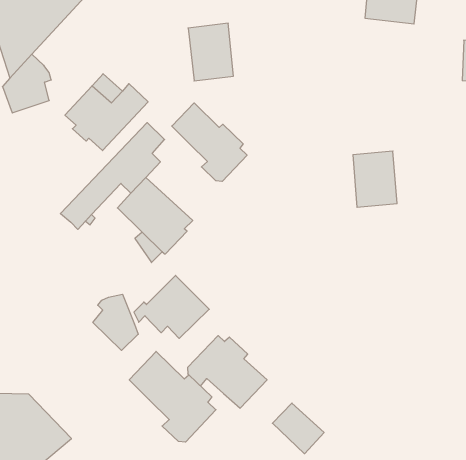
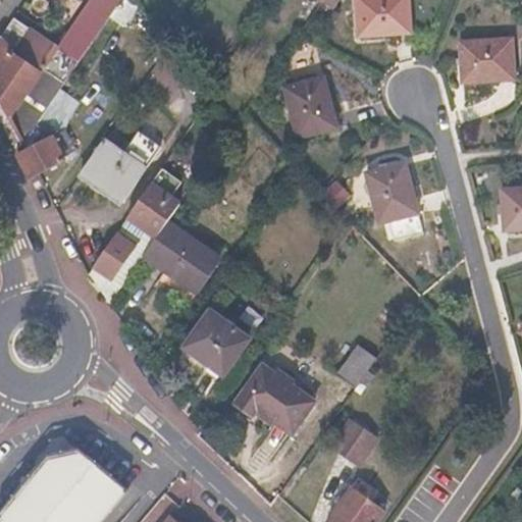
building: [188,23,233,81] -> [284,76,335,138]
building: [172,103,247,181] -> none
building: [93,294,138,350] -> none
building: none -> [335,345,374,386]
building: [129,351,216,442] -> none

